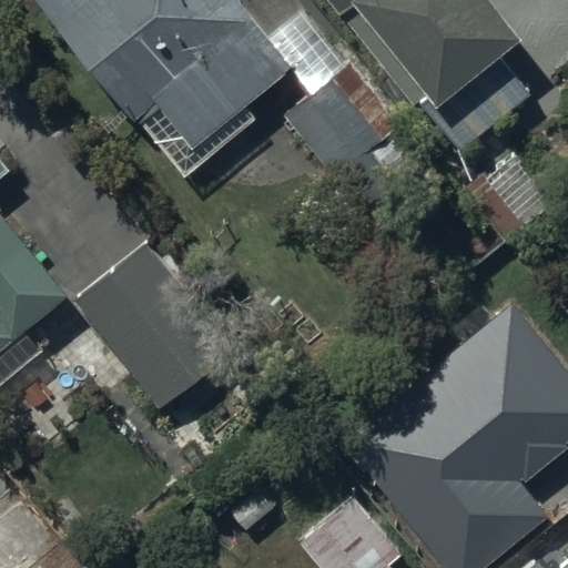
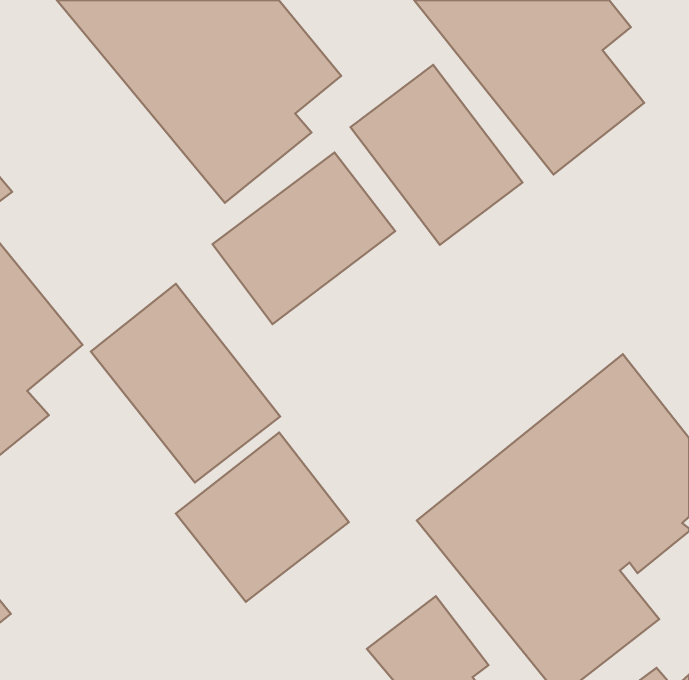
building: none -> [212,153,395,324]
building: none -> [176,433,349,602]

